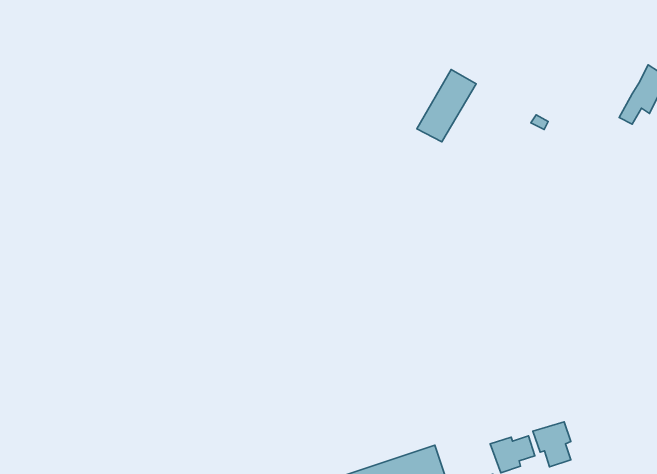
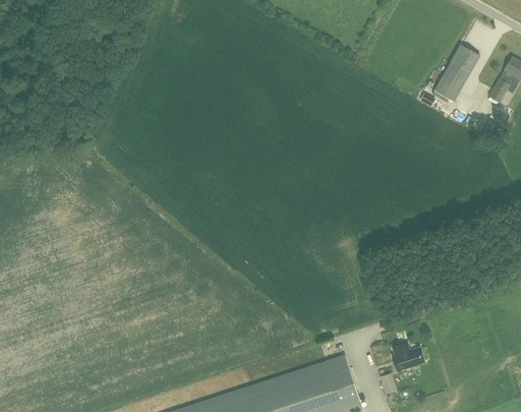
building: [417,70,476,142] -> [433,47,479,103]
building: [533,422,571,467] -> none

